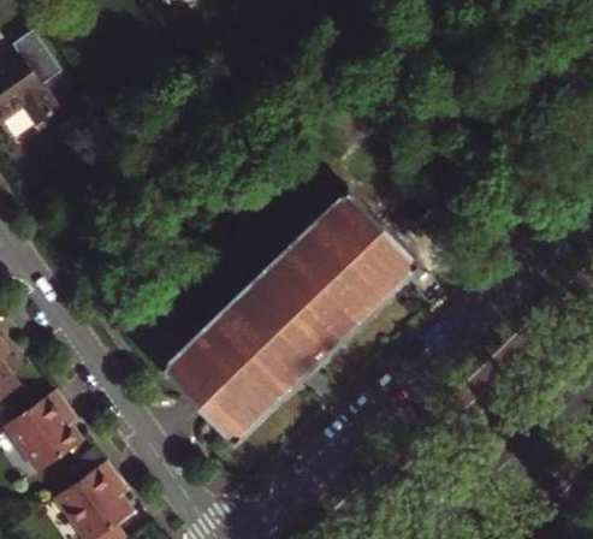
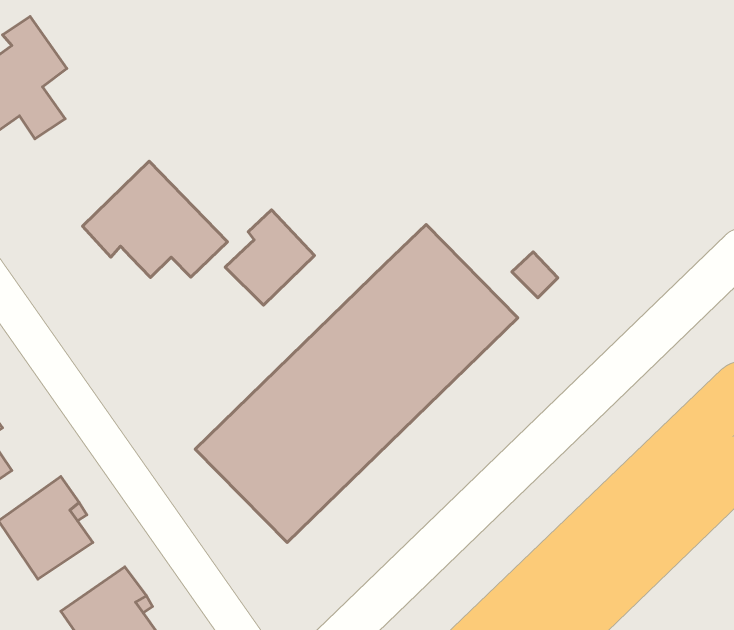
building: none -> [82,161,228,277]
building: none -> [225,210,314,305]

